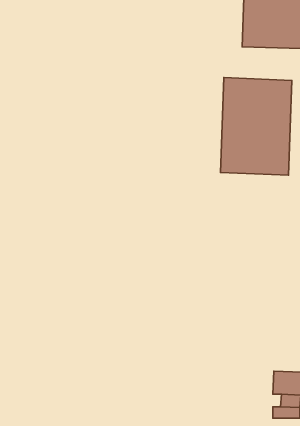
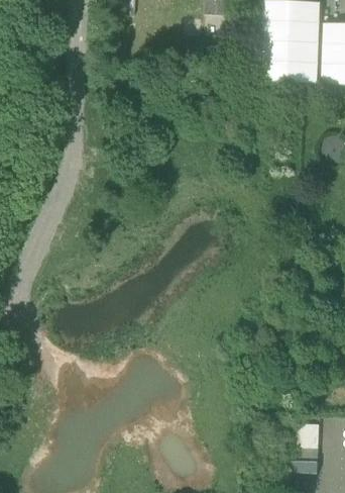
building: [220,78,292,175] -> none

